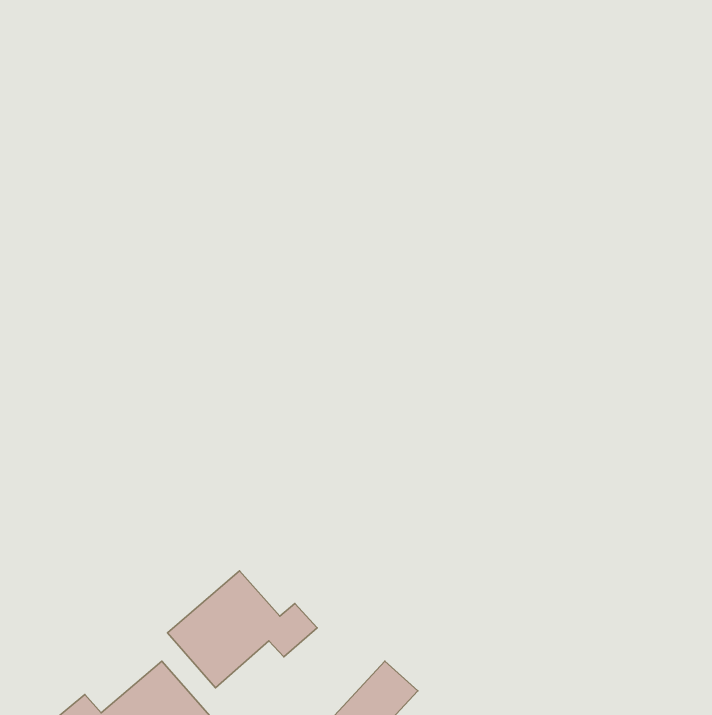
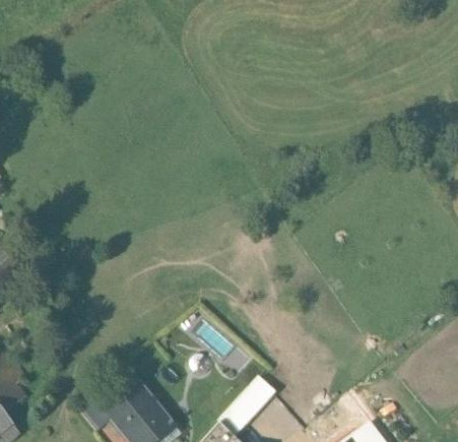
building: [168,571,317,688] -> none

